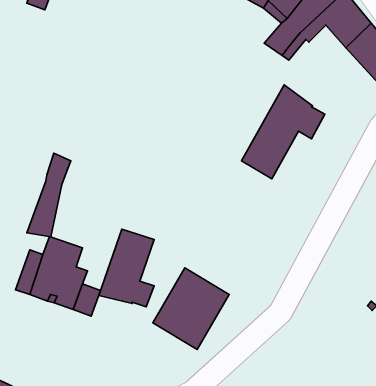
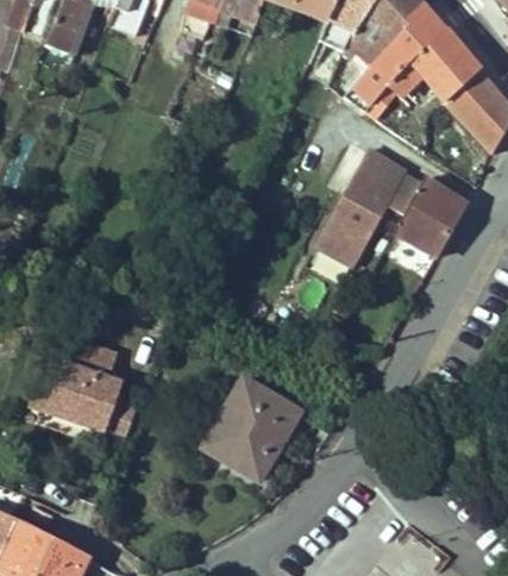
building: none -> [395,176,468,255]
building: [27,153,71,237] -> none
building: [99,229,154,307] -> none

